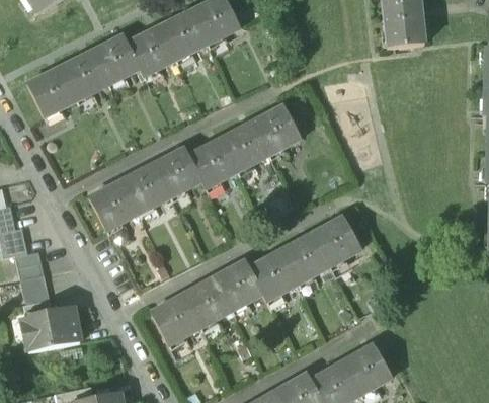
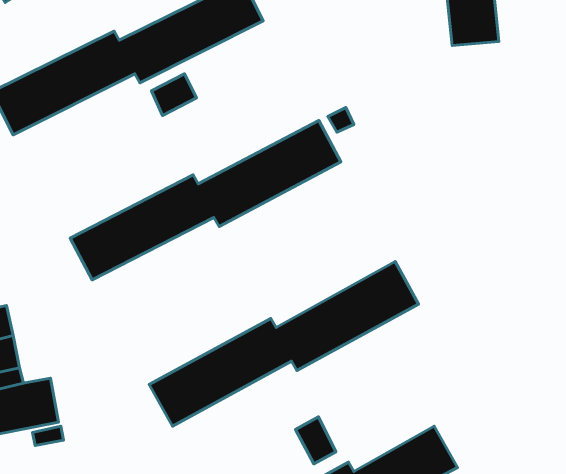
building: none -> [152,74,197,116]
building: none -> [296,417,336,464]

